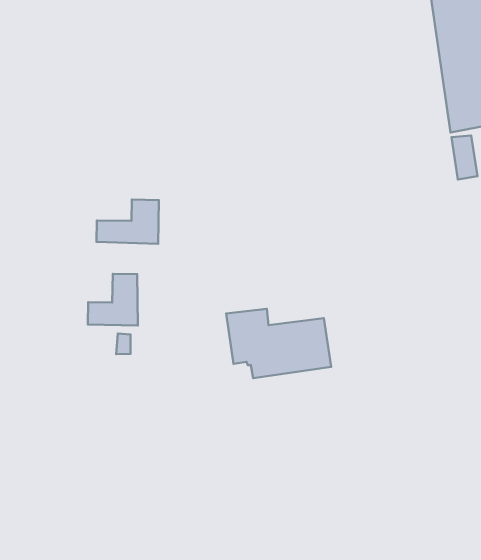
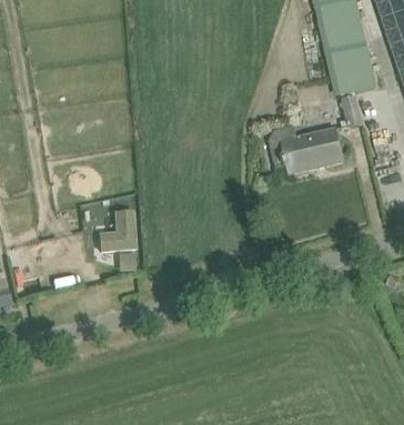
building: [97,200,159,244] -> none
building: [226,309,331,378] -> [266,125,342,174]

